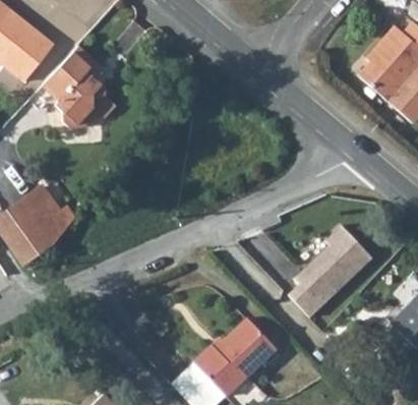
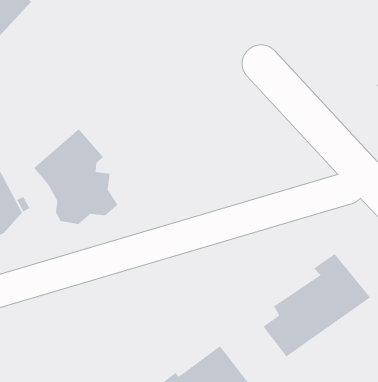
building: [47,48,124,131] -> [33,128,119,225]

